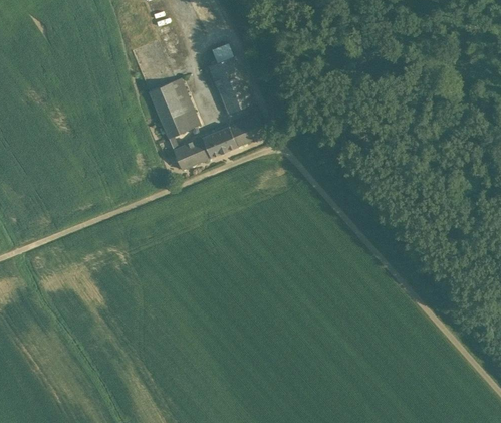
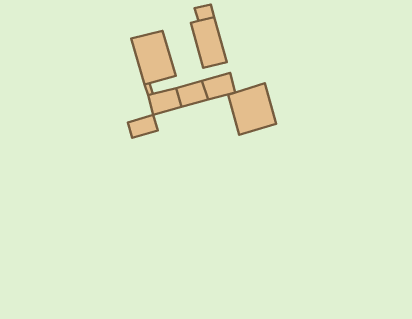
building: none -> [228,83,276,135]
building: none -> [128,115,158,138]

